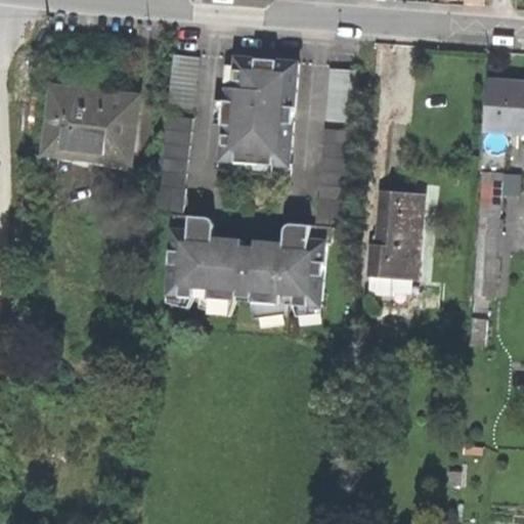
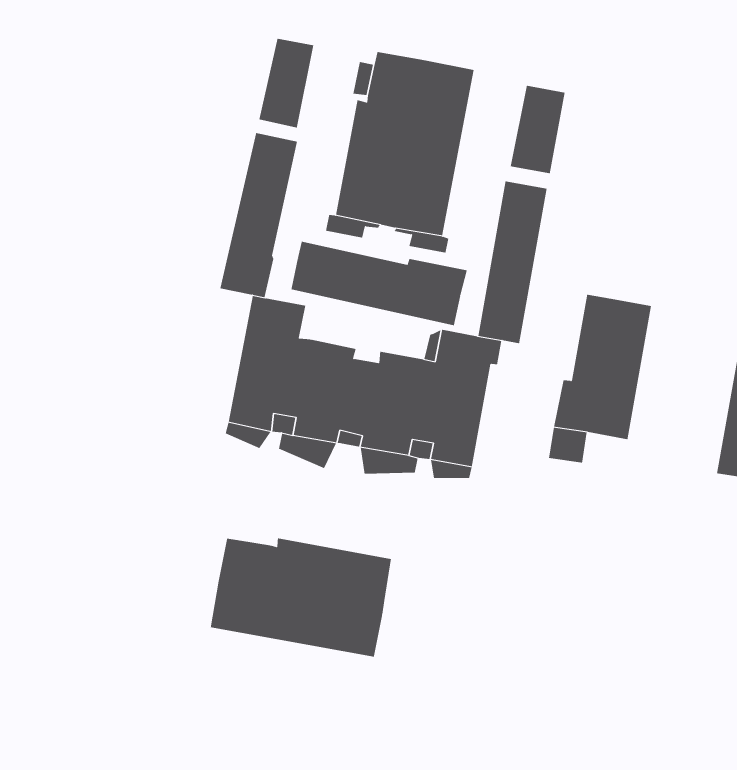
building: [48,87,134,154] -> none
building: none -> [291,241,468,326]
building: none -> [210,537,392,657]

